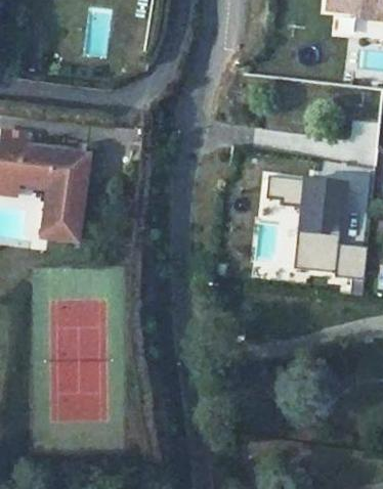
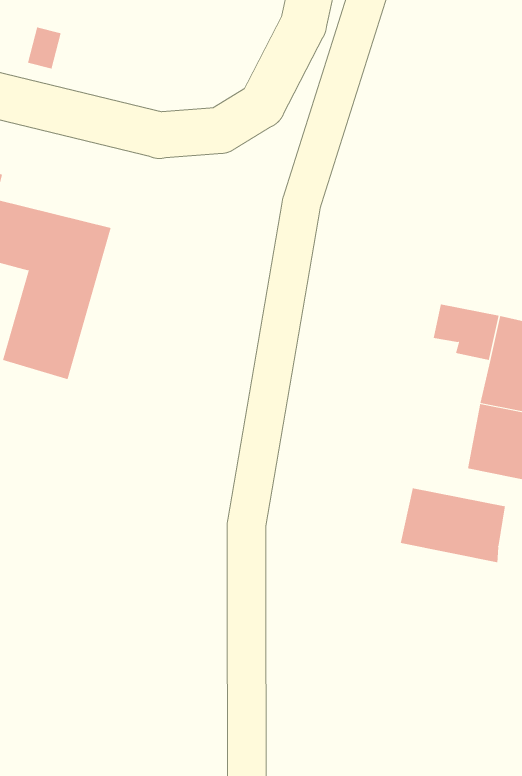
building: none -> [400,487,506,563]

